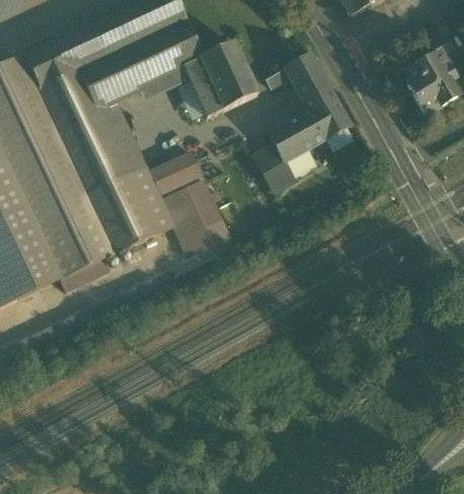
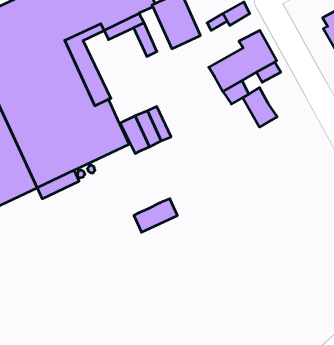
building: [182,59,222,117] -> none
building: [292,67,328,100] -> none
building: [253,143,295,191] -> [243,88,277,127]
building: [145,150,201,195] -> none
building: [177,216,230,257] -> [134,199,177,232]

